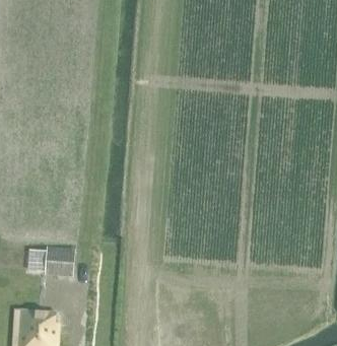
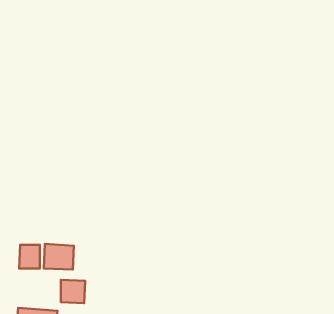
building: none -> [61,280,85,303]

